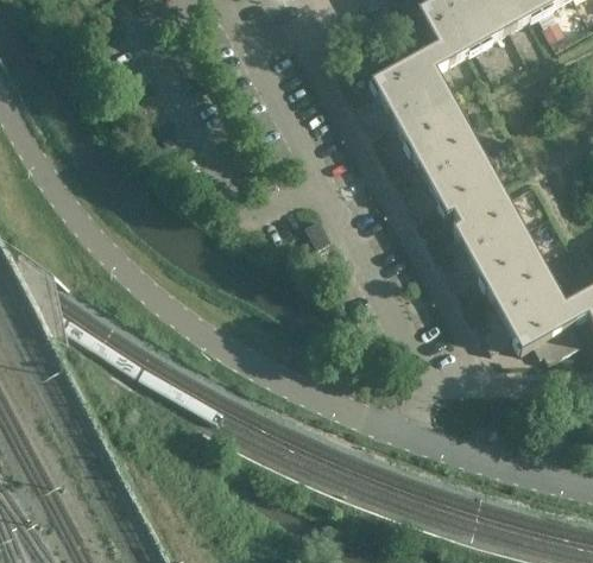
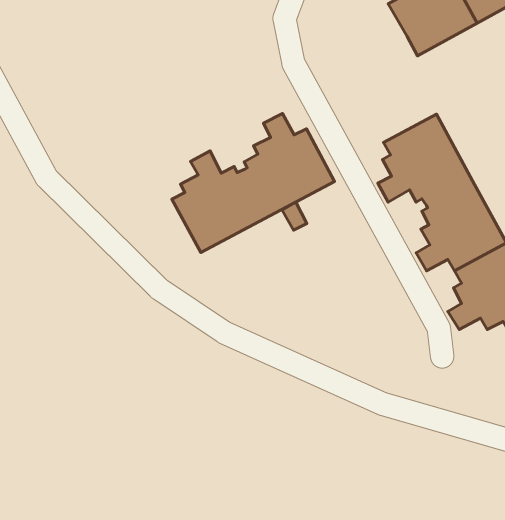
building: [355,39,468,151] -> none
building: none -> [172,113,335,253]

